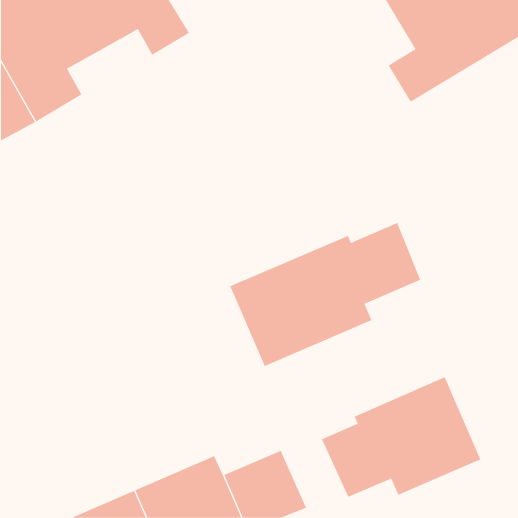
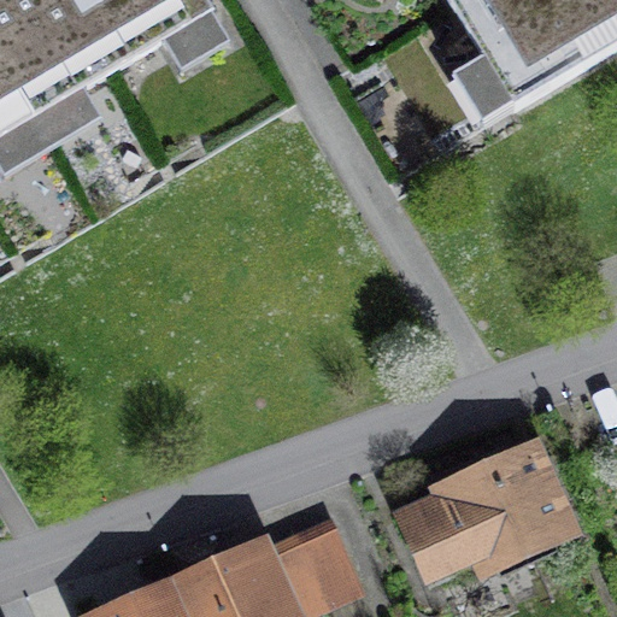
building: [230,222,421,367] -> none

